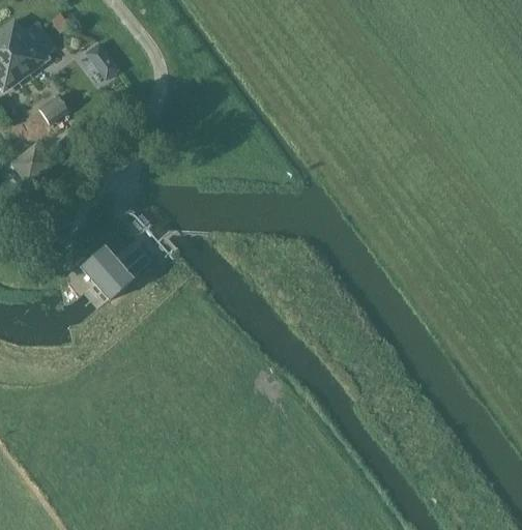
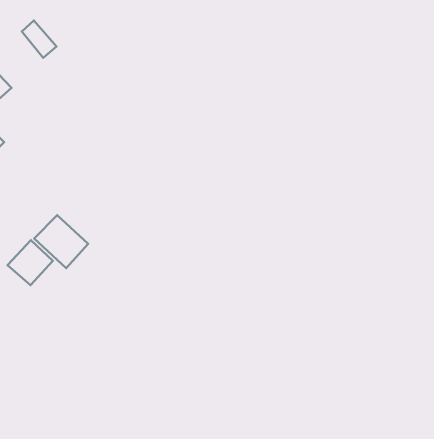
building: none -> [8,240,53,285]

